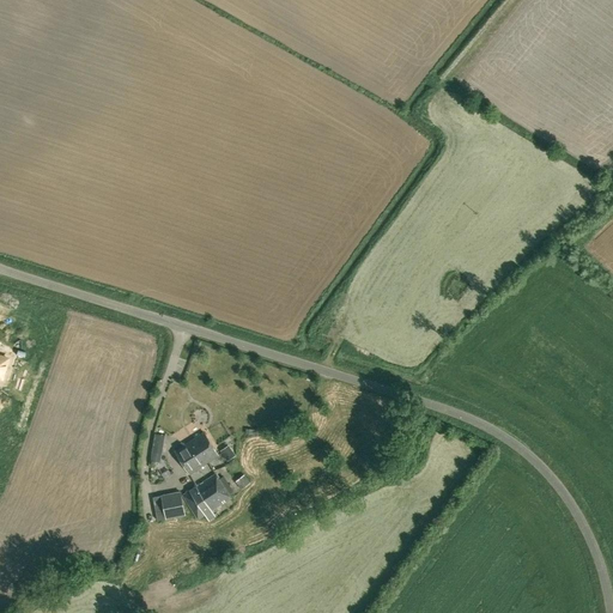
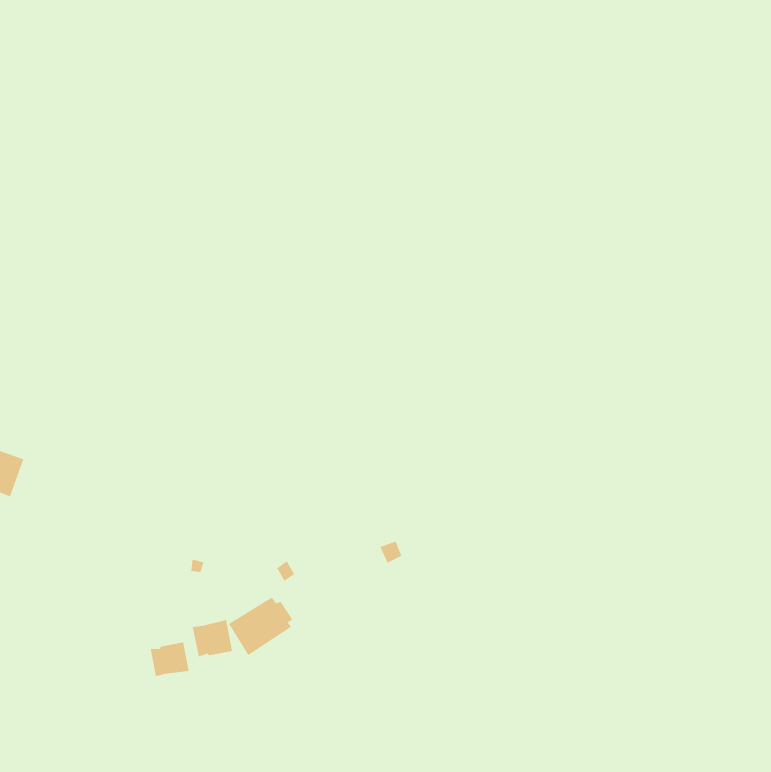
building: [174,432,218,473] -> none
building: none -> [150,642,189,677]

